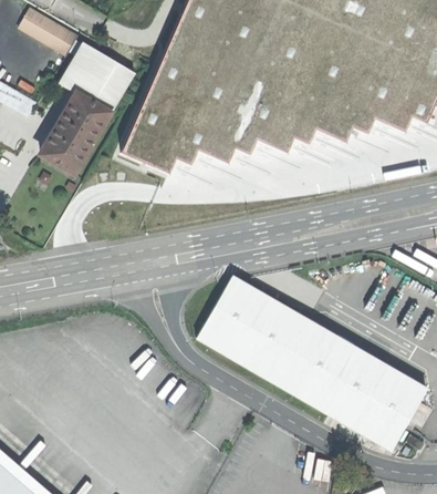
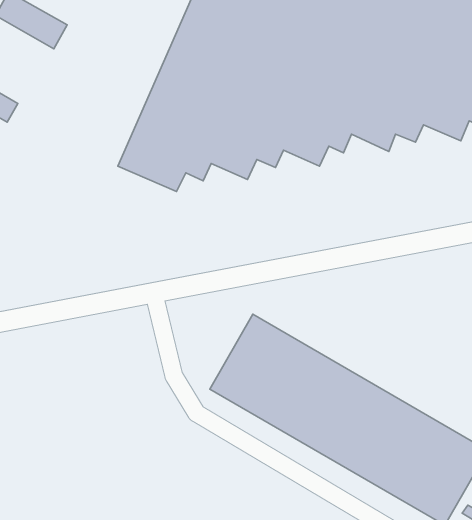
building: [40,42,135,173] -> none

